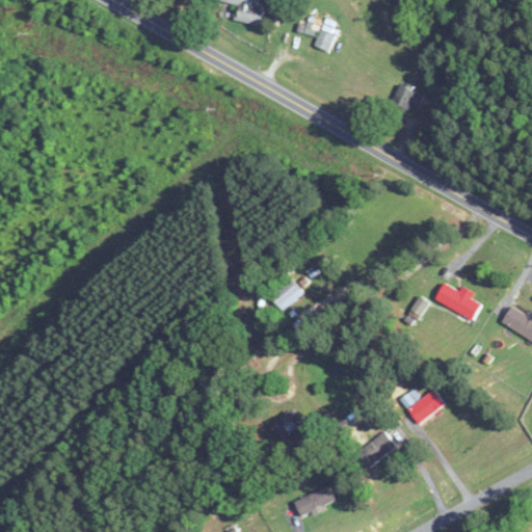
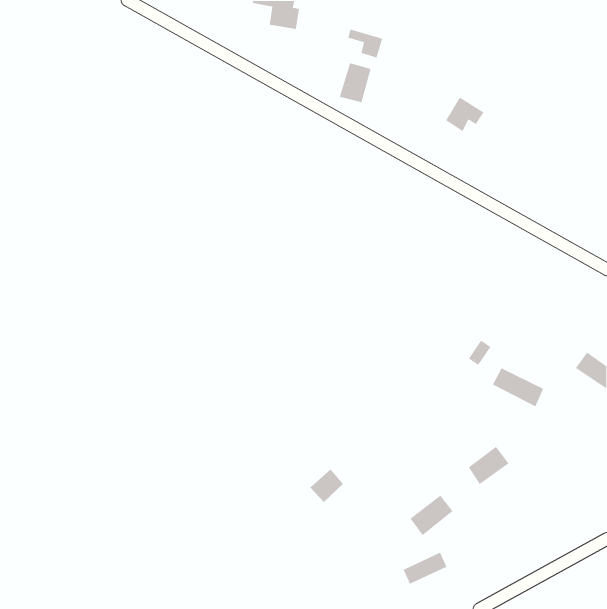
building: none -> [339,62,372,103]
building: [269,276,303,310] -> none
building: [435,284,481,319] -> [492,367,544,408]
building: [295,485,335,514] -> [402,552,448,585]

